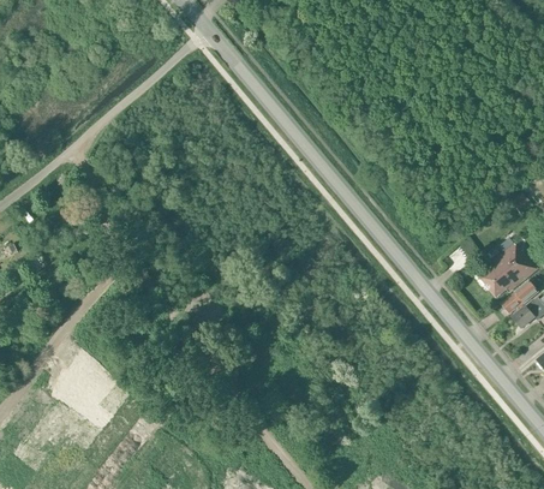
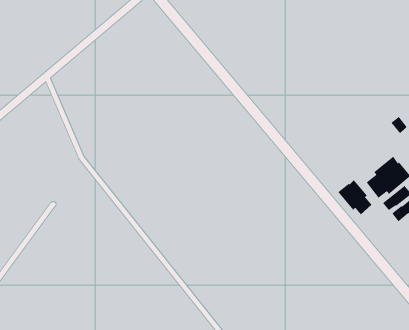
building: none -> [338,179,372,215]

